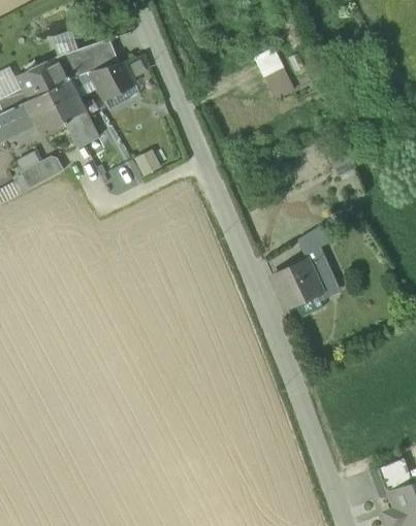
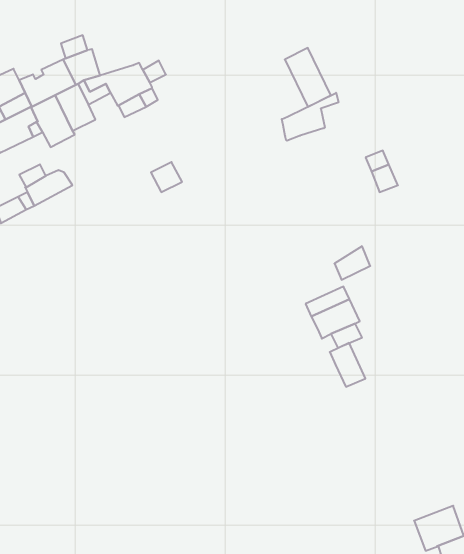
building: [83,38,120,72] -> none
building: none -> [282,93,338,141]
building: [65,111,100,147] -> none
building: [308,253,340,292] -> [330,343,365,387]

